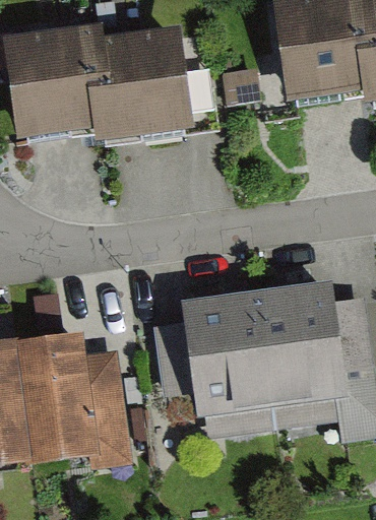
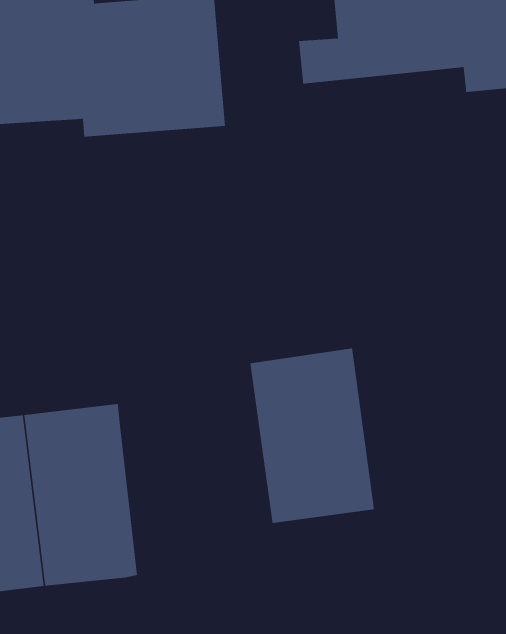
building: [261,280,354,408] -> none
building: [92,345,136,464] -> none

